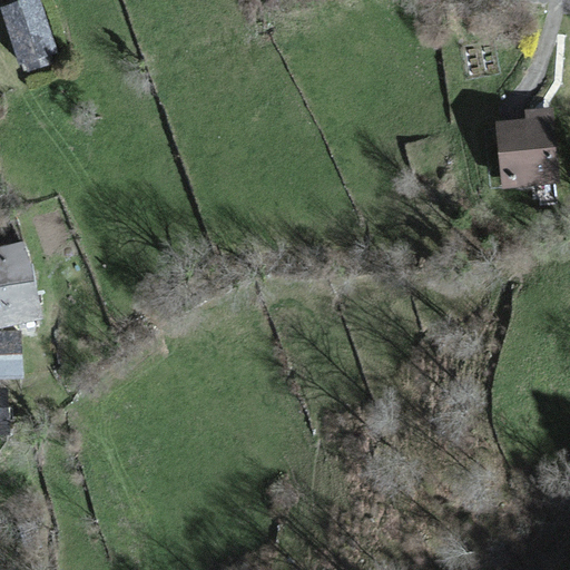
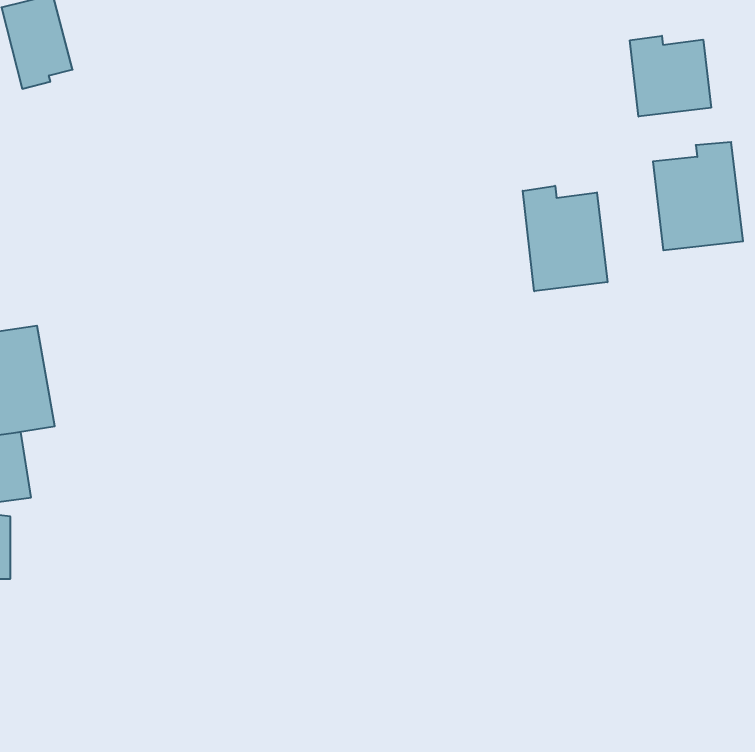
building: none -> [630,36,711,117]
building: none -> [523,186,607,291]

